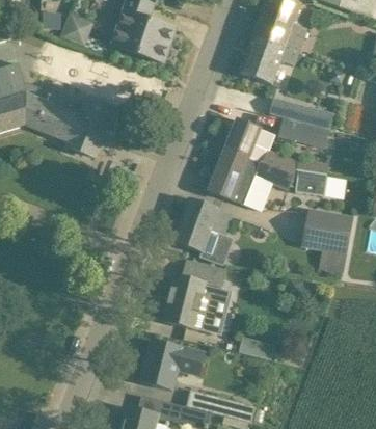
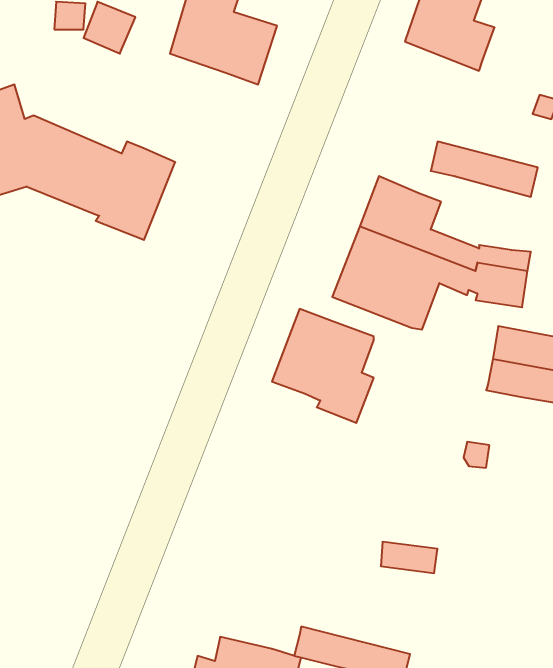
building: [239,36,297,84] -> none
building: [278,117,328,148] -> none
building: [163,260,224,333] -> none
building: [141,340,205,390] -> none

